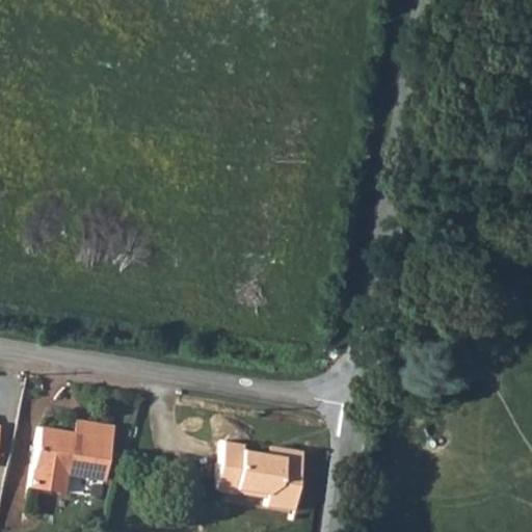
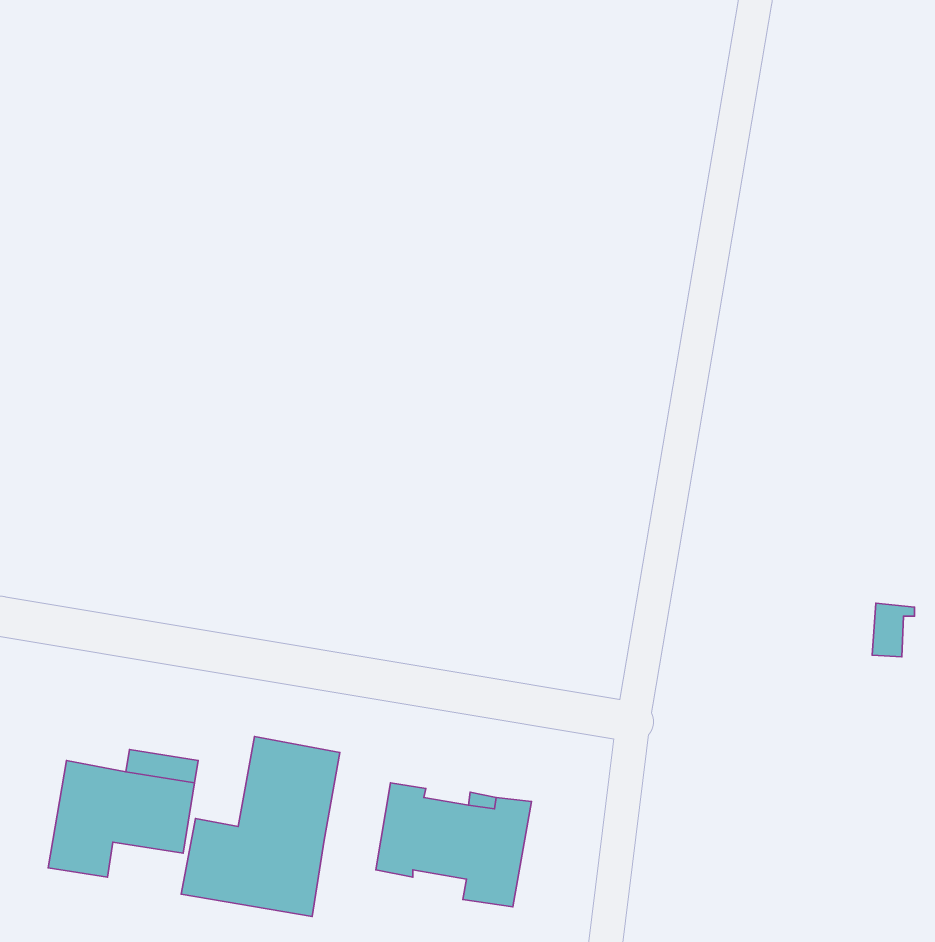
building: none -> [181,737,340,916]

